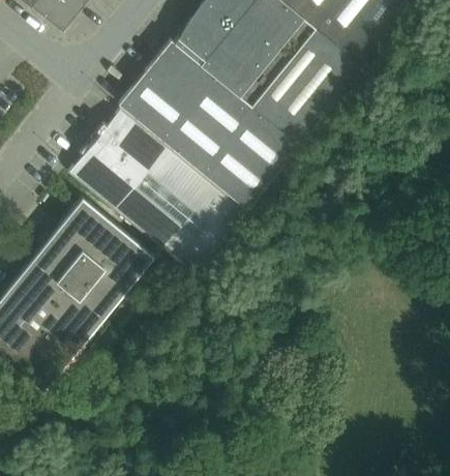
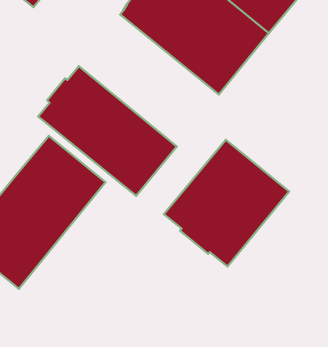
building: [119,38,300,207] -> none
building: none -> [164,140,289,267]

